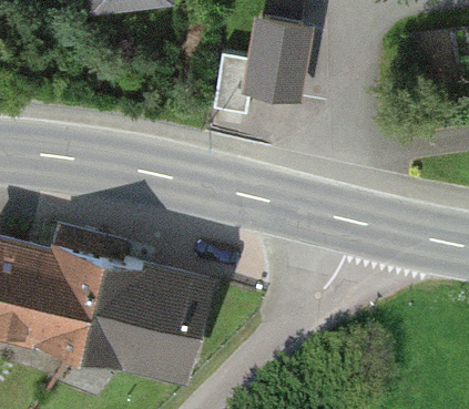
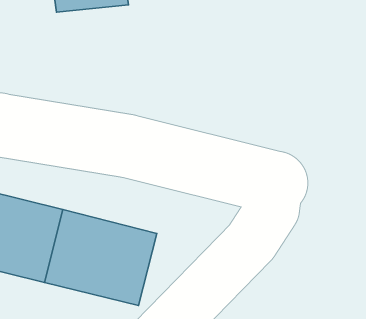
building: [216,20,306,113] -> none

